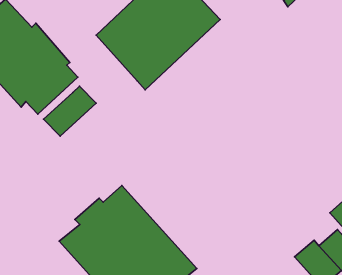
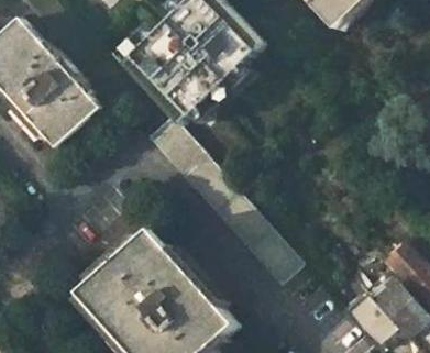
building: none -> [143,111,300,280]
building: [43,86,96,136] -> none

